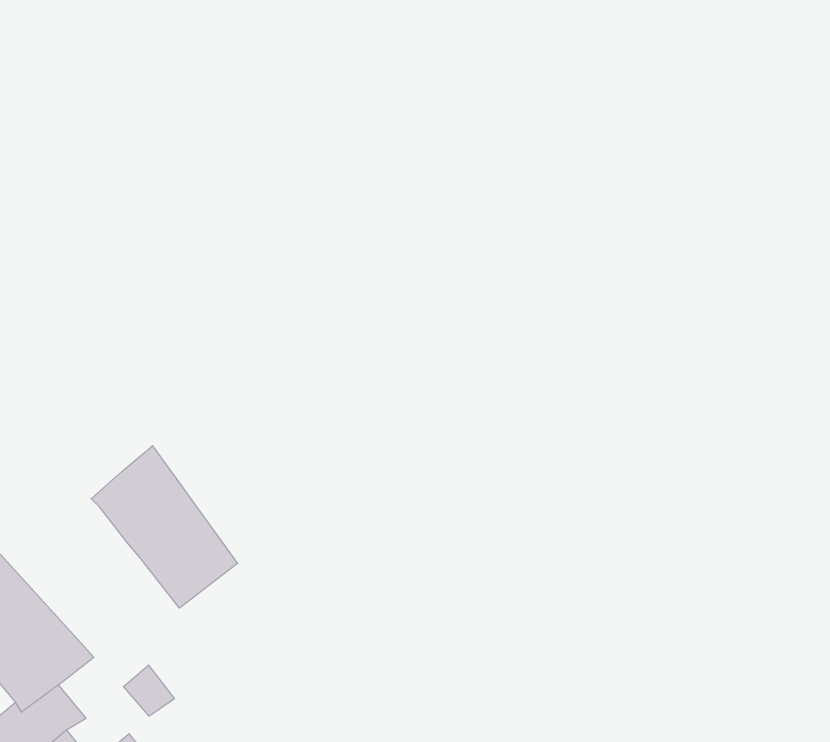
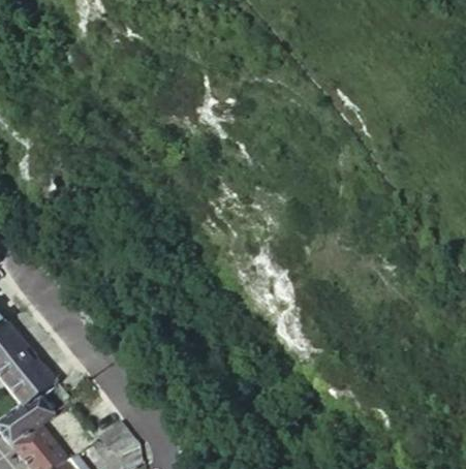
building: [91,446,237,608] -> none

